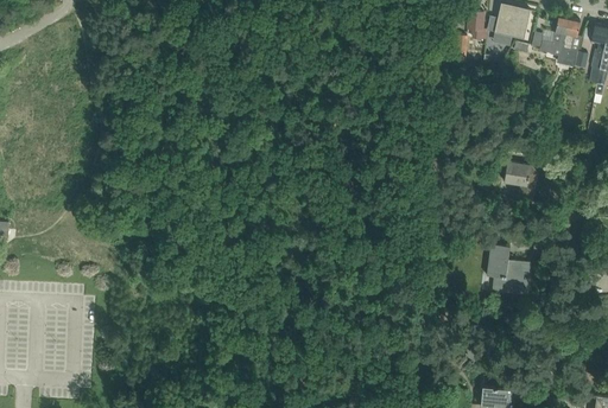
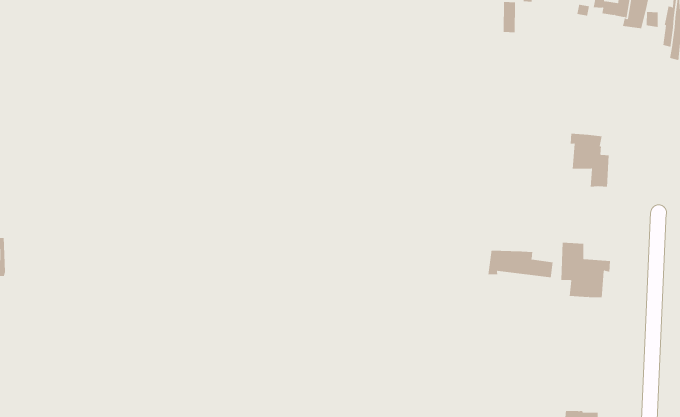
building: none -> [488,250,553,278]

